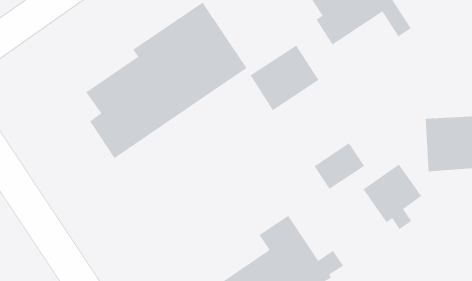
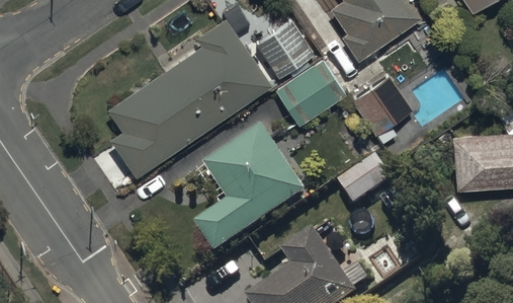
building: none -> [255,21,316,81]
building: none -> [196,129,308,258]
building: [362,163,422,230] -> [352,77,413,145]

